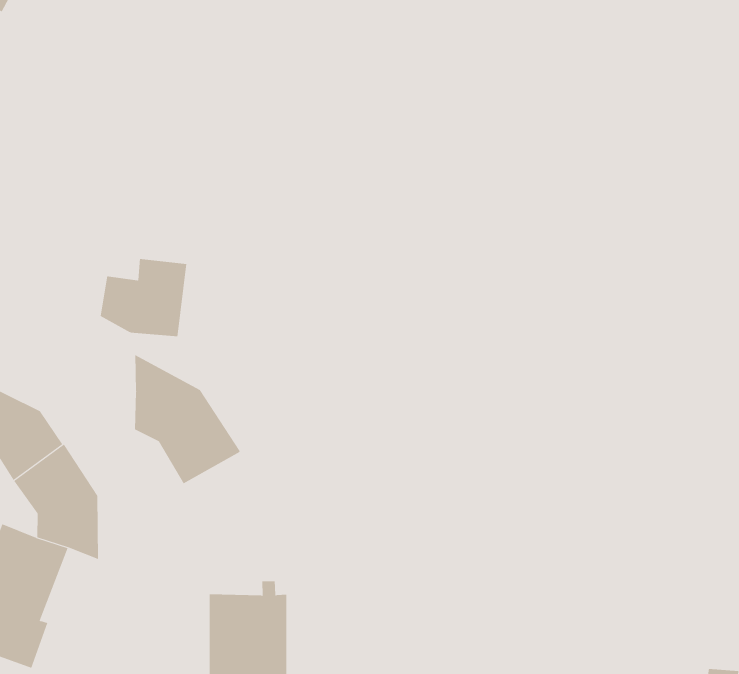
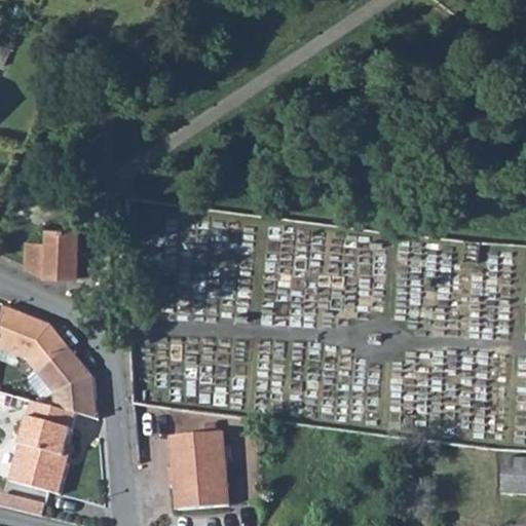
building: [100,258,187,337] -> [23,227,77,276]
building: [134,354,240,484] -> none

